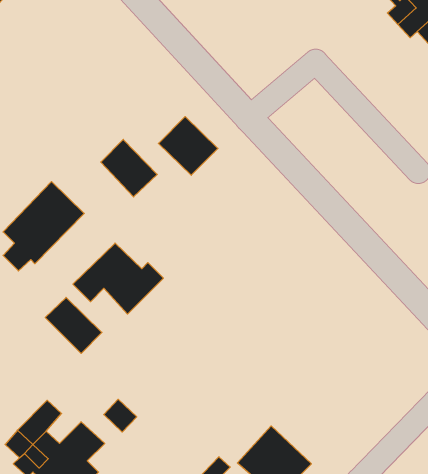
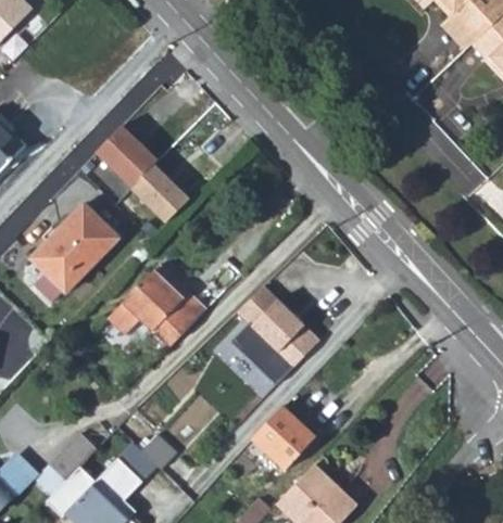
building: [158,117,218,175] -> [101,123,164,184]
building: none -> [229,286,318,387]
building: [45,297,102,353] -> none
building: none -> [253,404,316,465]

